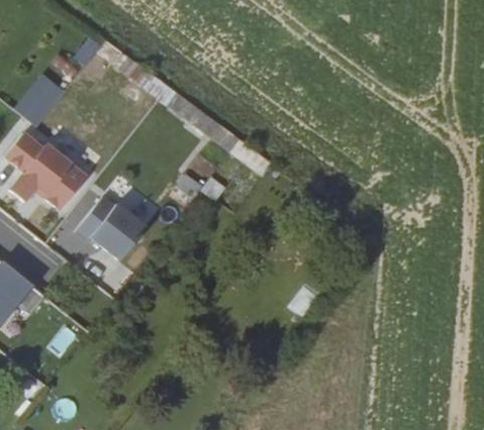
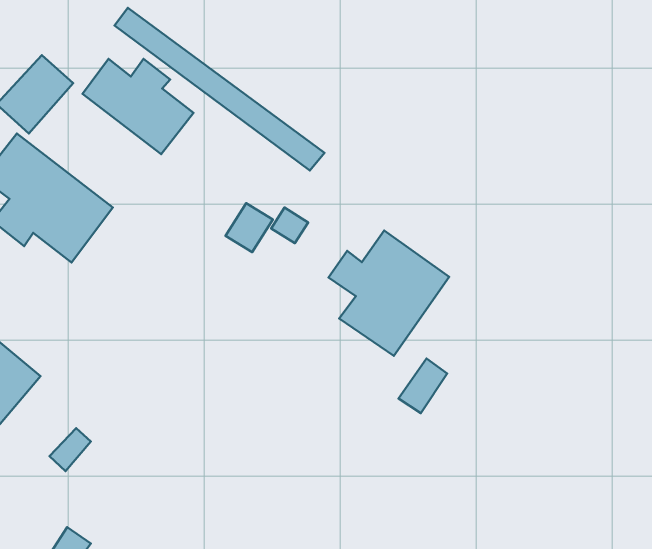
building: none -> [83,59,194,154]
building: [73,190,152,264] -> none
building: none -> [328,231,449,356]

